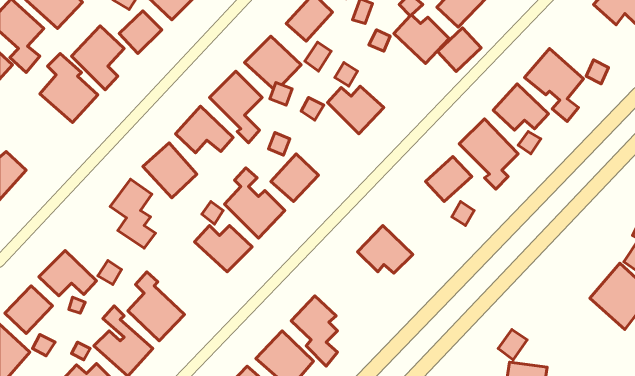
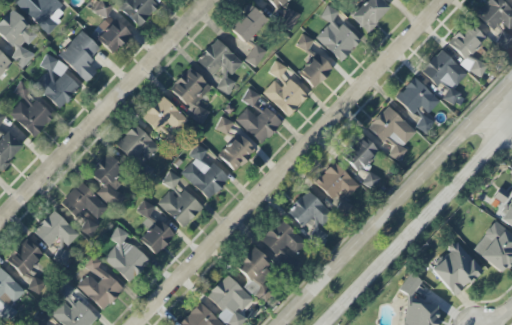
building: none -> [449,22,486,59]
building: [437,28,481,72] -> [299,53,334,88]
building: none -> [10,99,55,137]
building: none -> [237,107,283,144]
building: none -> [316,161,359,205]
building: none -> [61,181,109,219]
building: none -> [136,199,175,255]
building: none -> [261,218,307,254]
building: none -> [430,243,482,295]

